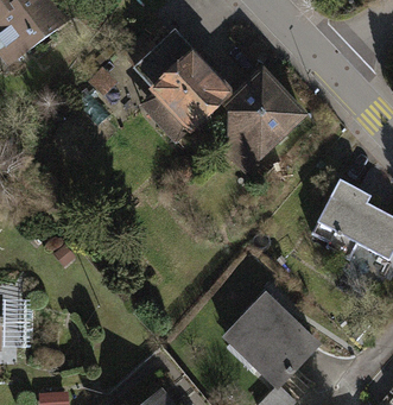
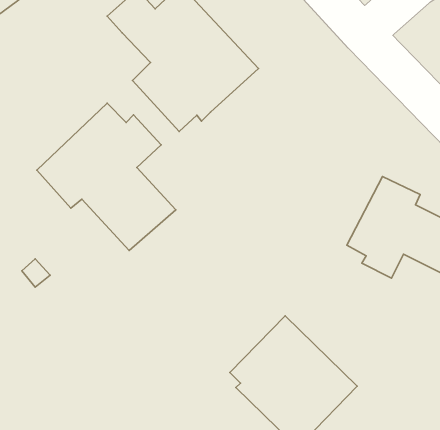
building: [203,67,311,173] -> none
building: none -> [37,103,176,251]

